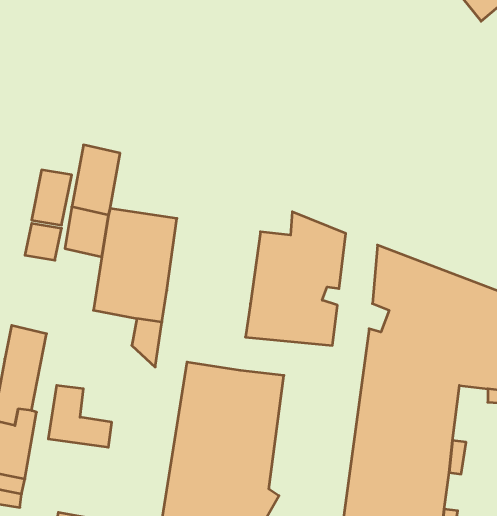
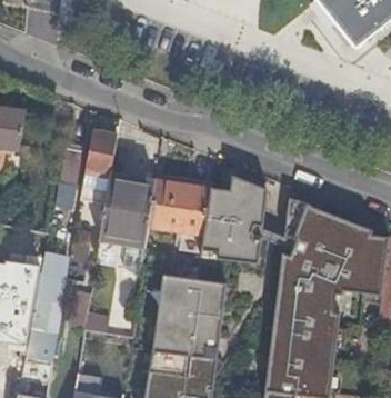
building: none -> [148,178,210,235]

